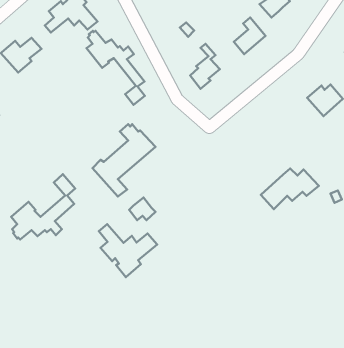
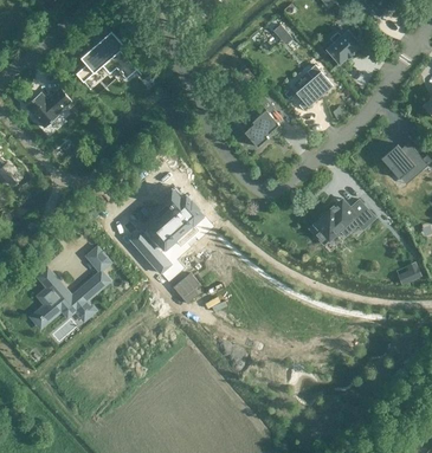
building: [87,31,145,105] -> none
building: [261,168,319,209] -> [309,198,376,245]
building: [99,224,157,277] -> none

